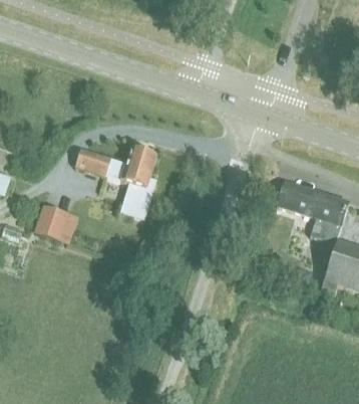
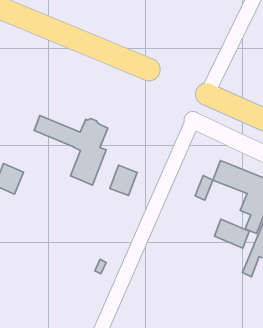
building: none -> [110,165,137,196]
building: none -> [214,219,249,248]

